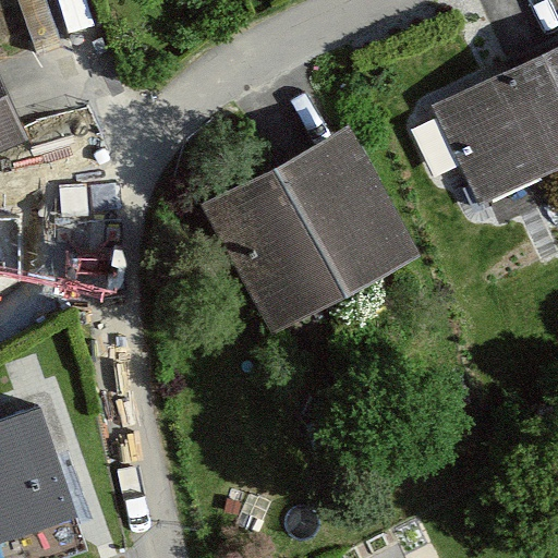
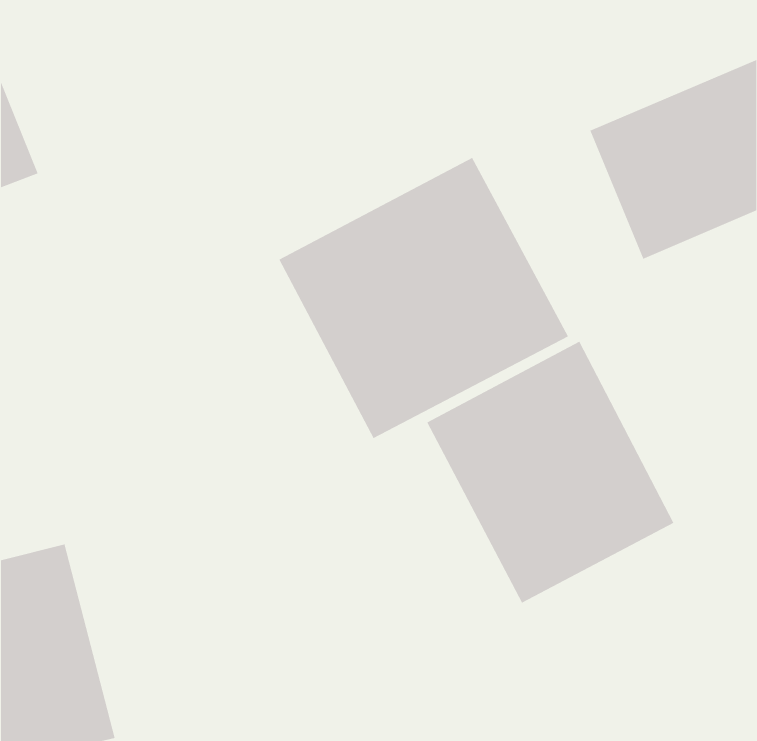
building: none -> [427,341,674,604]

